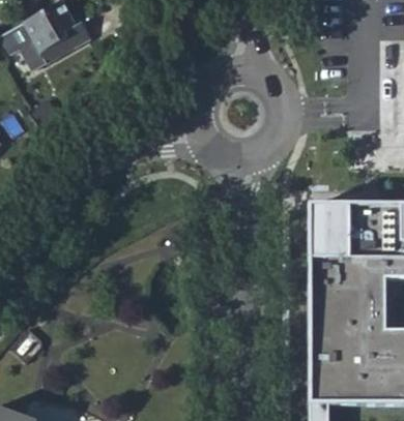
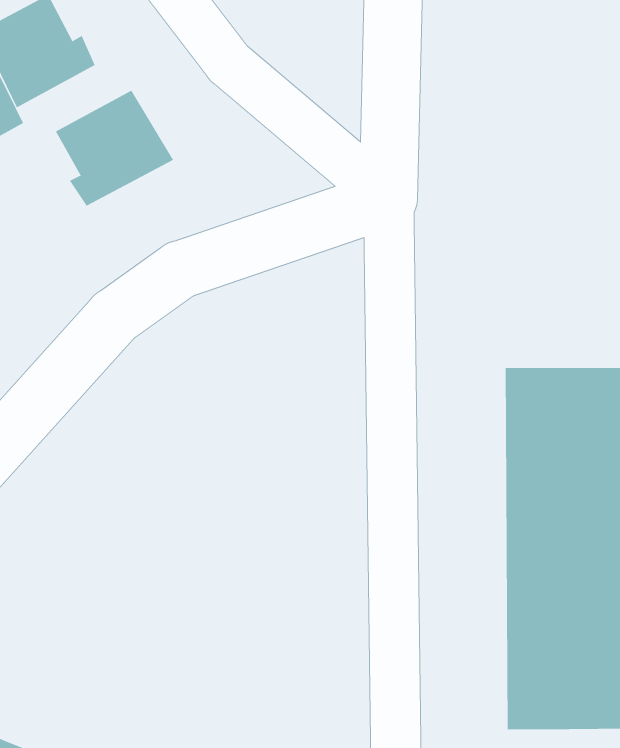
building: none -> [55,90,174,207]

